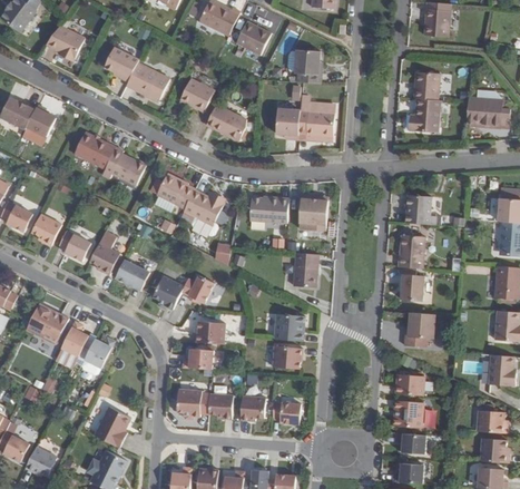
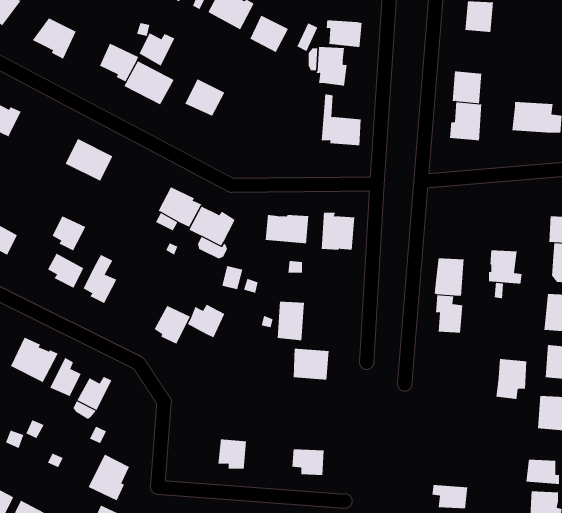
building: none -> [326,19,362,48]
building: none -> [139,33,175,66]
building: [26,104,55,136] -> none
building: [205,104,245,140] -> none
building: [275,108,298,138] -> none
building: [111,151,146,184] -> none
building: [404,194,434,224] -> [488,250,522,284]
building: [31,214,61,245] -> [52,215,86,251]
building: [292,252,316,286] -> [277,301,305,341]
building: [115,260,148,286] -> none
building: [405,311,433,346] -> [495,359,527,399]
building: [195,321,226,344] -> none
building: [271,345,303,369] -> none
building: [180,348,214,370] -> none
building: [394,373,424,395] -> none
building: [176,388,202,417] -> none
building: [239,394,265,421] -> none
building: [392,400,424,428] -> none

